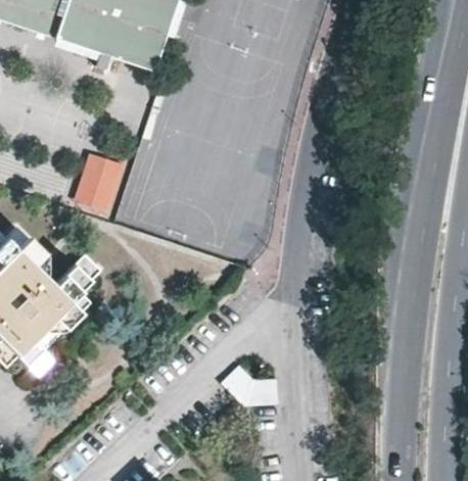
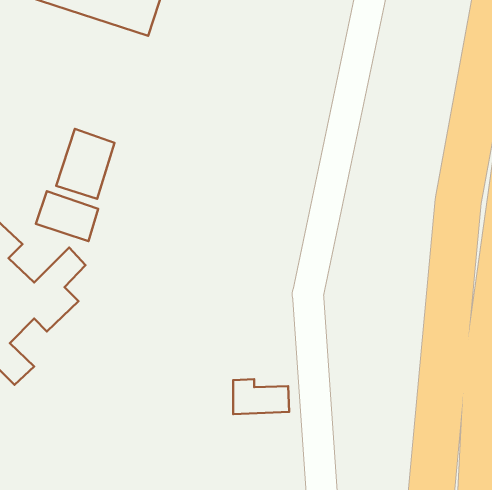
building: none -> [36,191,98,241]

